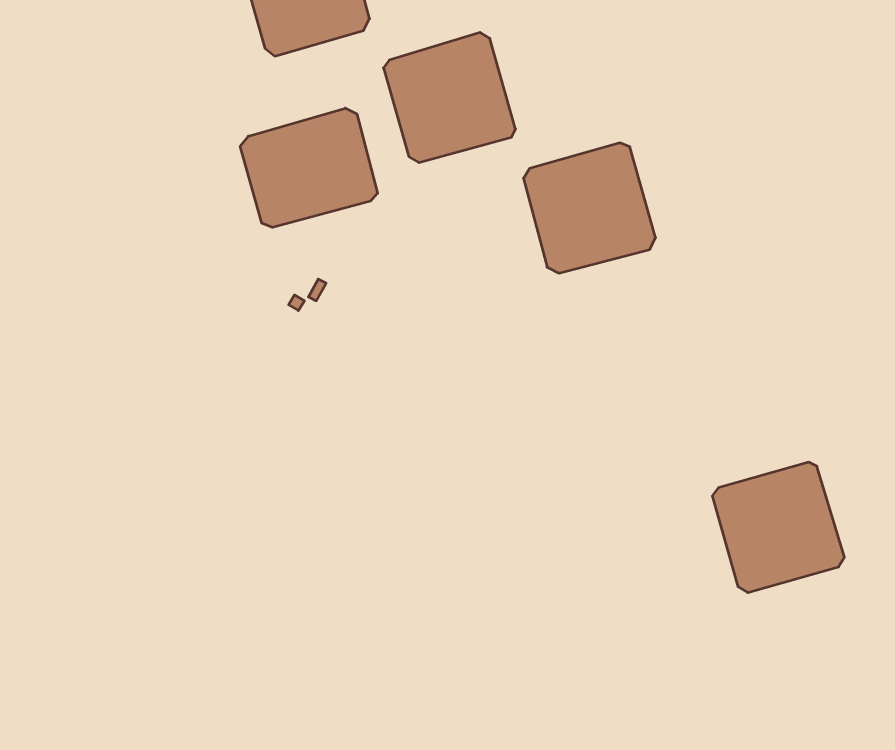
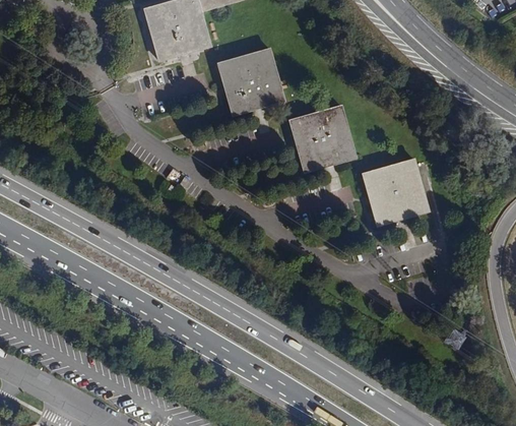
building: [240,108,378,227] -> none
building: [712,462,844,593] -> [362,159,430,226]

